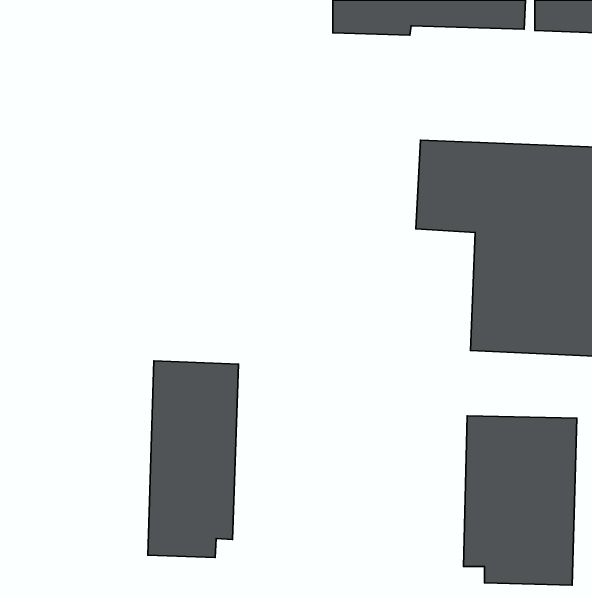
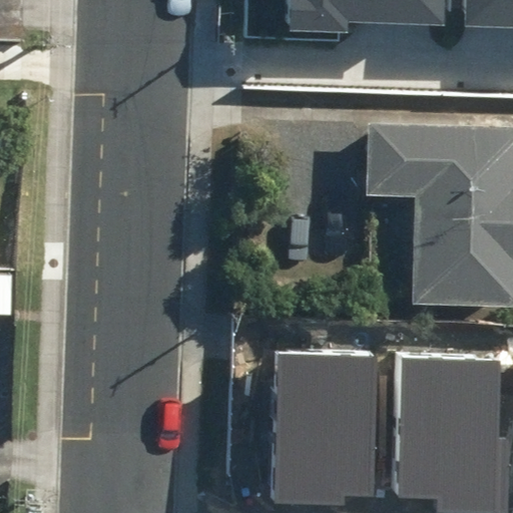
building: [148,361,238,557] -> none
building: none -> [279,360,378,504]

